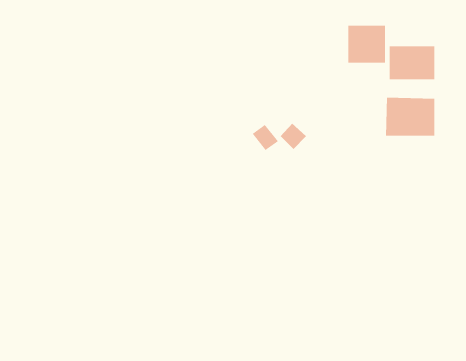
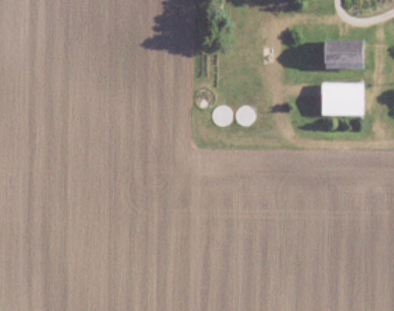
building: [348,25,385,64] -> none

